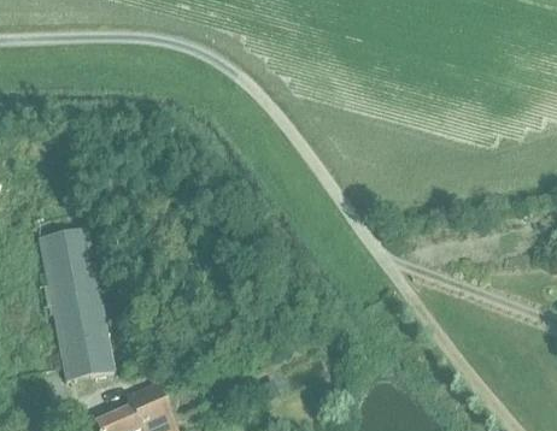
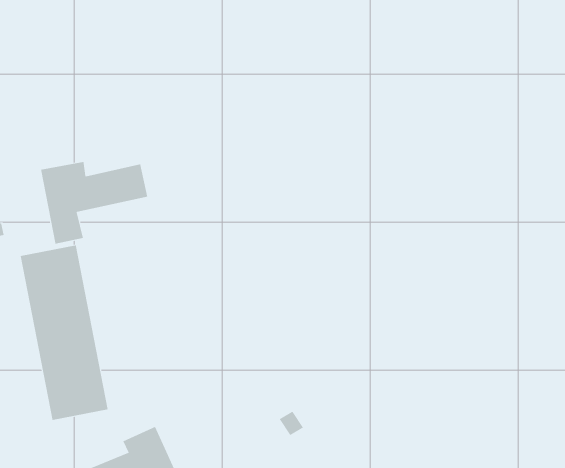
building: none -> [40,161,148,244]

